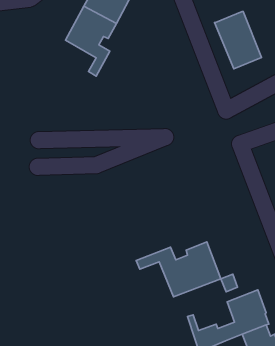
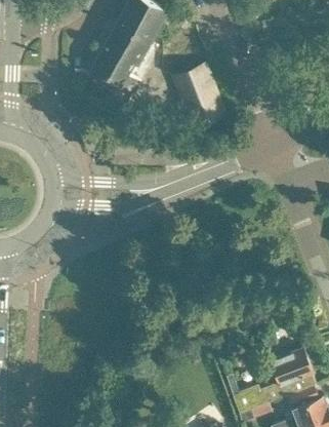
building: [214,11,262,69] -> [172,64,224,127]
building: [136,242,221,297] -> none

